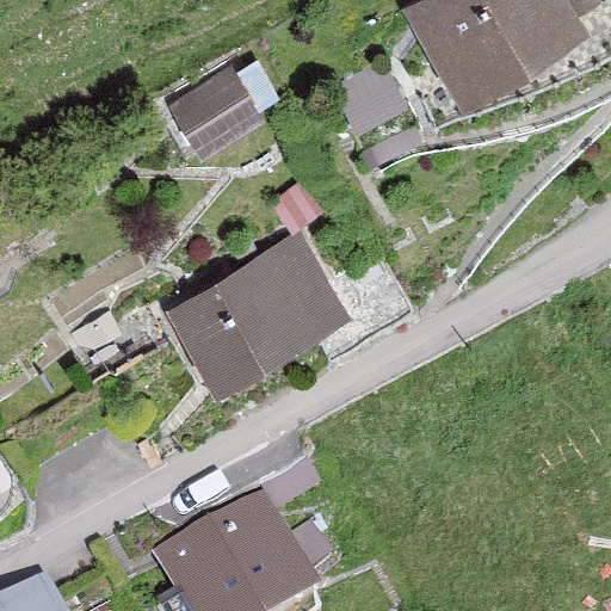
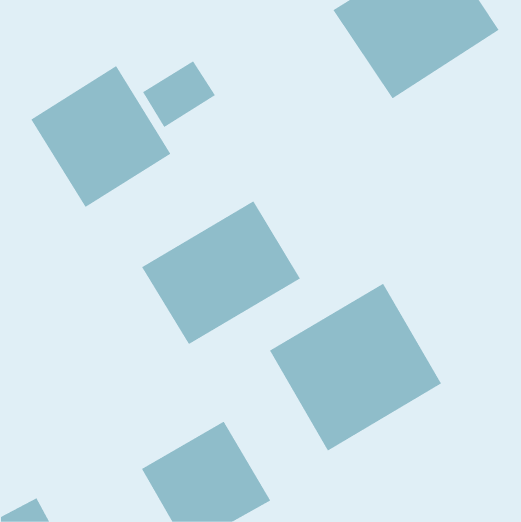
building: none -> [31,65,171,208]
building: none -> [269,283,442,451]

